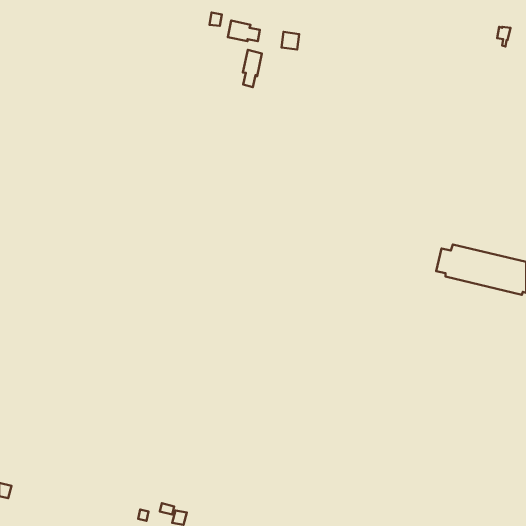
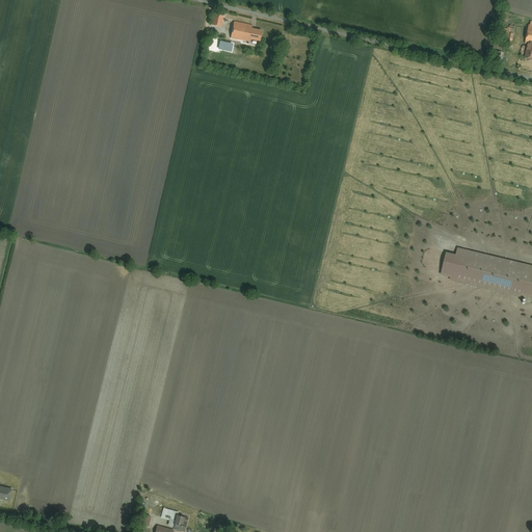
building: [243,50,262,87] -> none

